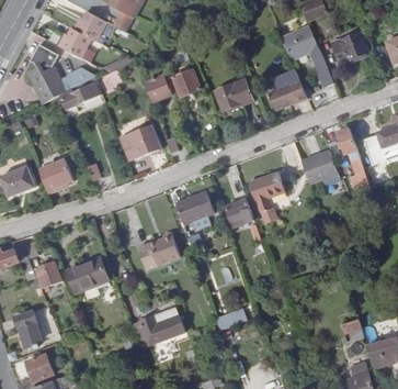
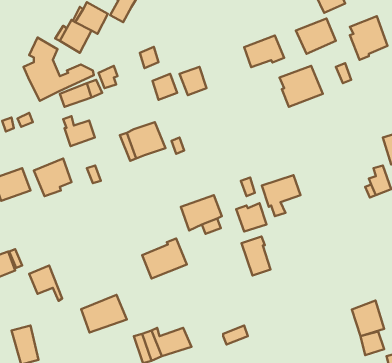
building: [216,80,253,110] -> [244,36,284,67]
building: none -> [63,116,95,146]
building: [338,126,363,166] -> none
building: [304,154,341,187] -> none
building: none -> [242,237,271,276]
building: [65,256,107,291] -> [81,295,127,333]
building: none -> [352,300,384,336]

